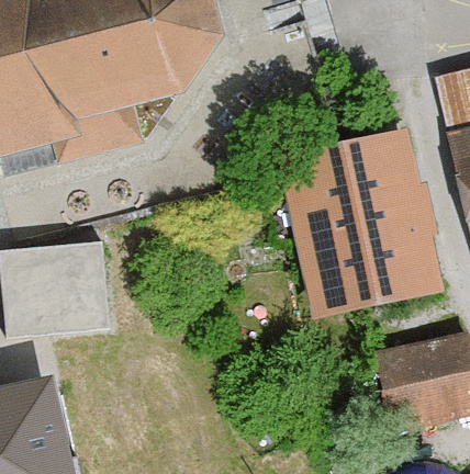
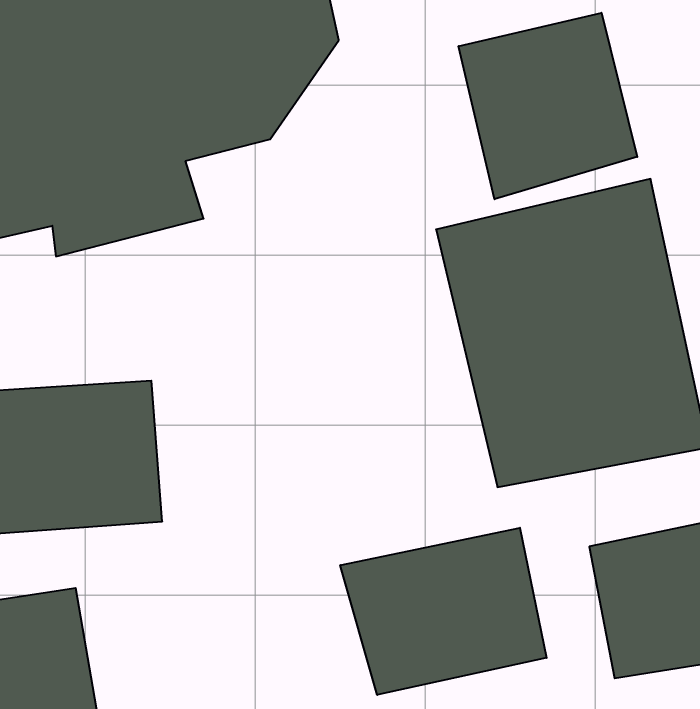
building: none -> [459,13,637,199]
building: none -> [340,528,547,695]

